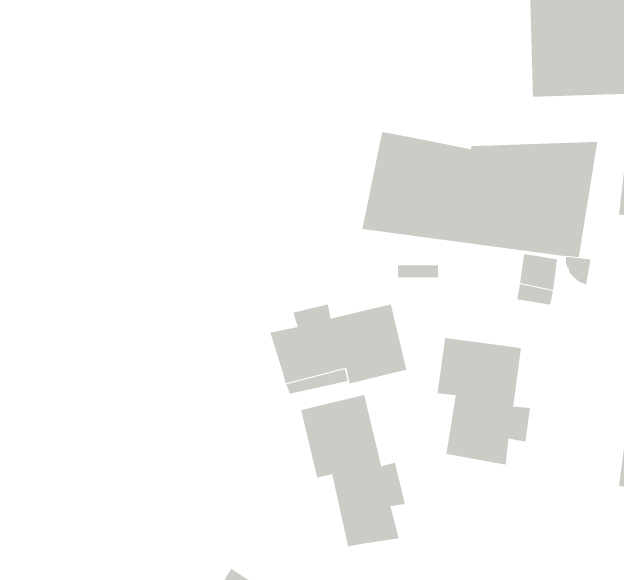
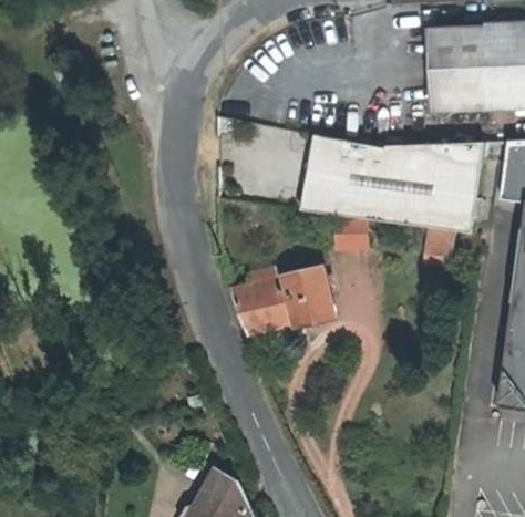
building: [437,337,530,466] -> none
building: [301,394,405,547] -> none

